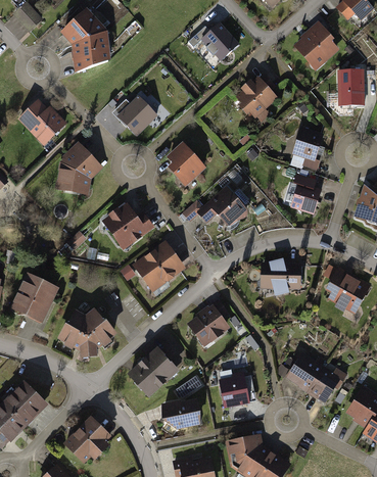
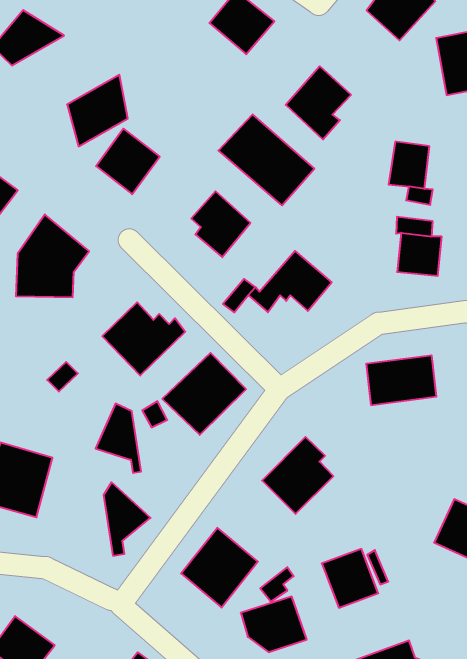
building: [73,33,108,73] -> [67,75,128,146]
building: none -> [218,114,314,205]
building: [62,311,88,354] -> [96,404,141,473]

